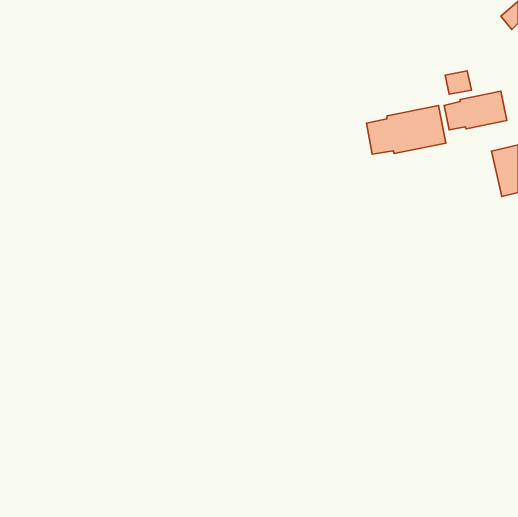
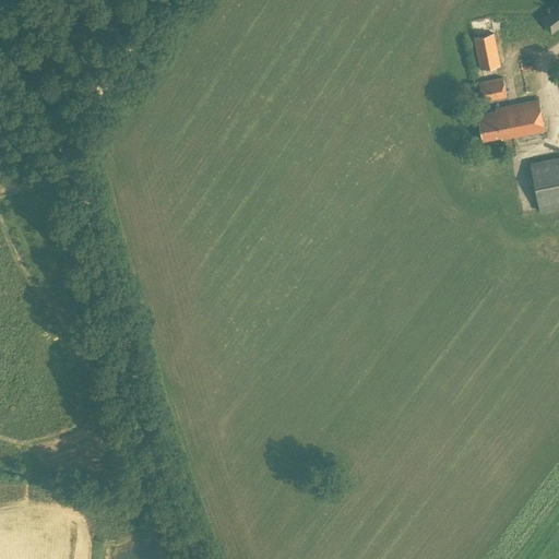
building: none -> [474,34,501,70]
building: [366,106,446,154] -> none

